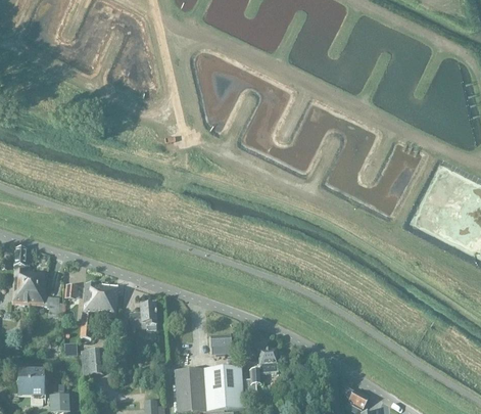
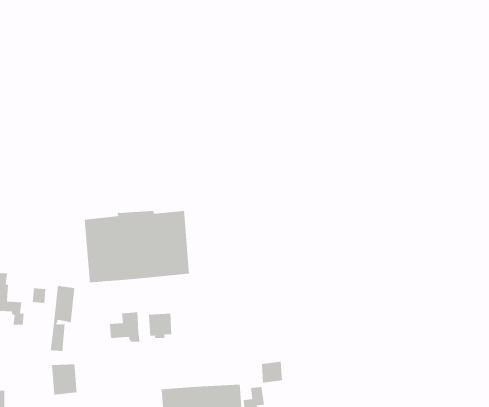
building: none -> [84,210,190,283]
building: [99,284,118,316] -> none
building: [211,334,232,356] -> [148,313,172,339]

